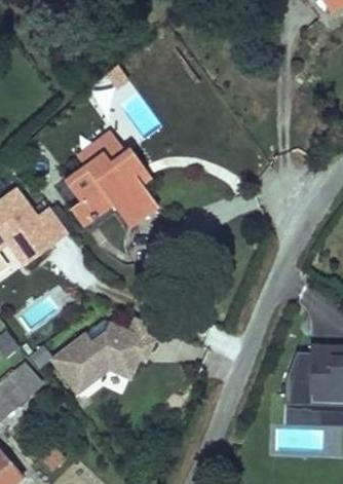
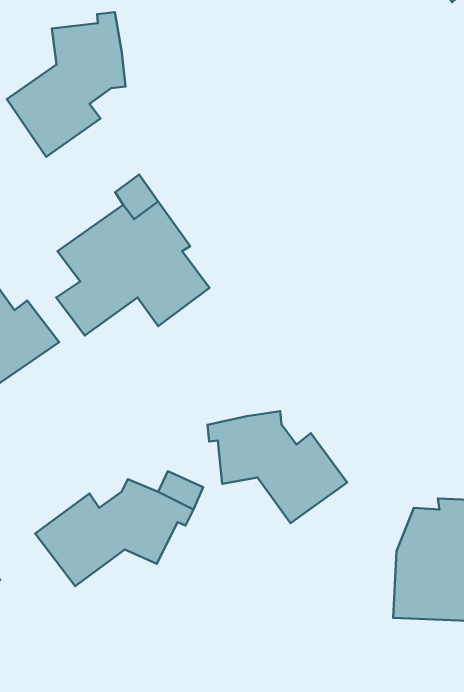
building: none -> [7,12,125,157]
building: none -> [208,411,347,523]

